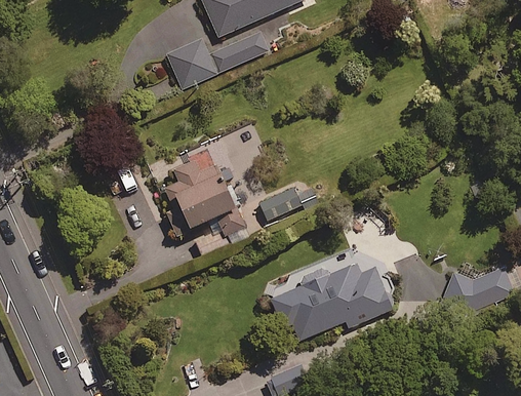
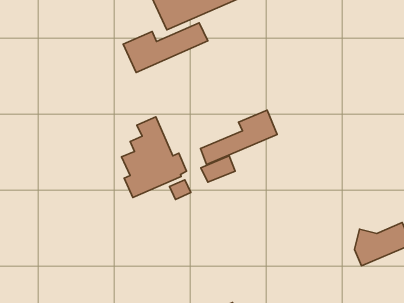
building: none -> [201,110,277,164]
building: [276,265,393,344] -> none

